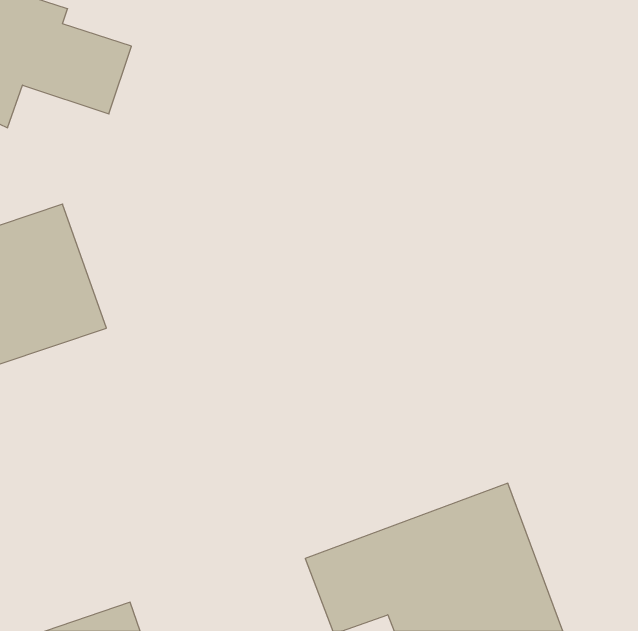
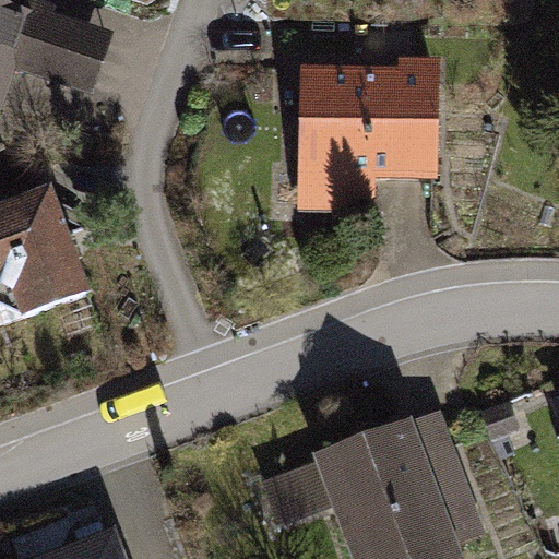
building: none -> [295,63,436,206]

